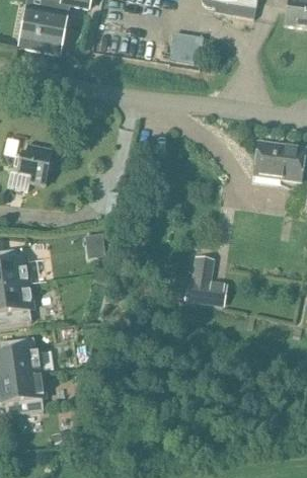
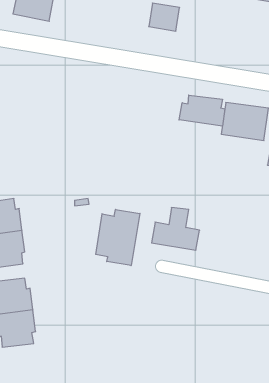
building: none -> [179,95,225,126]
building: [15,145,53,186] -> none
building: none -> [96,209,140,266]

